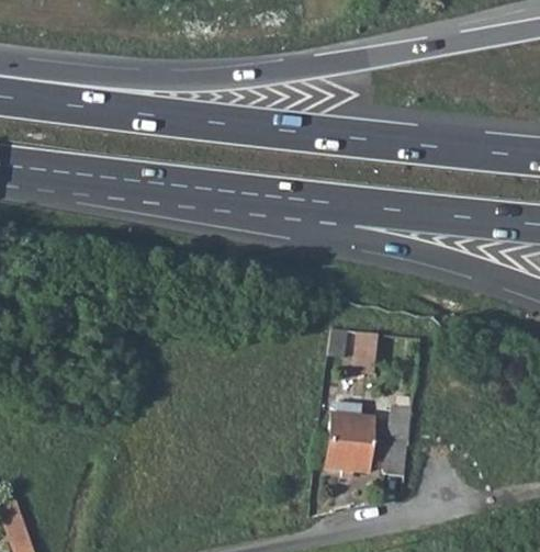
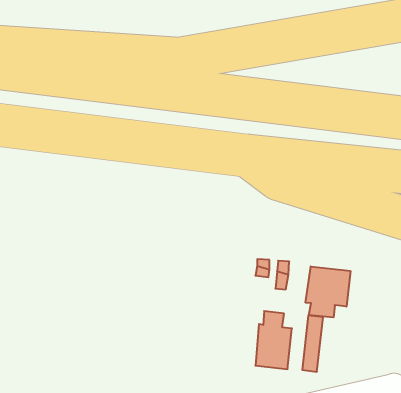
building: none -> [306,266,350,317]

